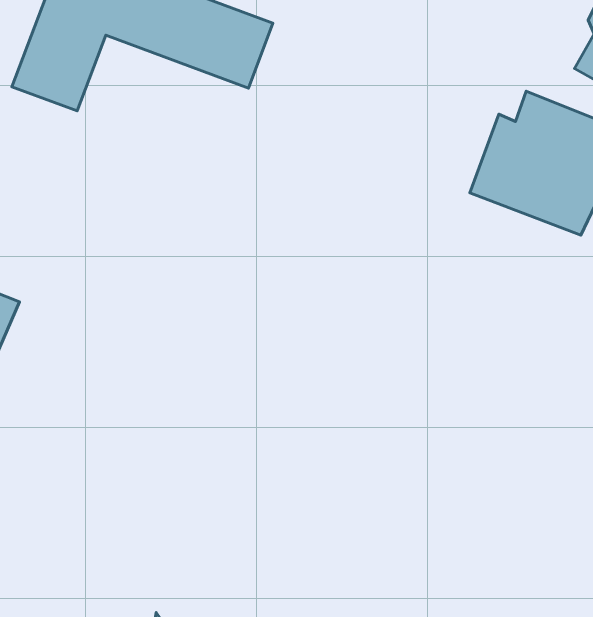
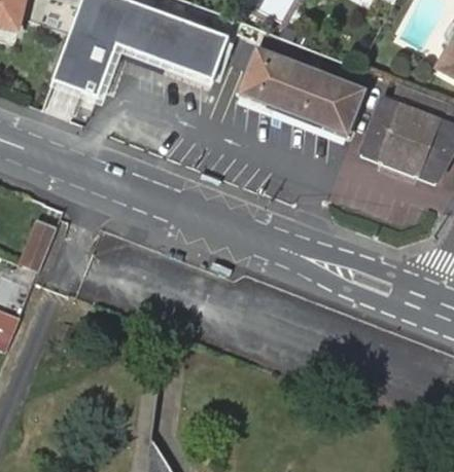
building: none -> [238,49,362,133]

